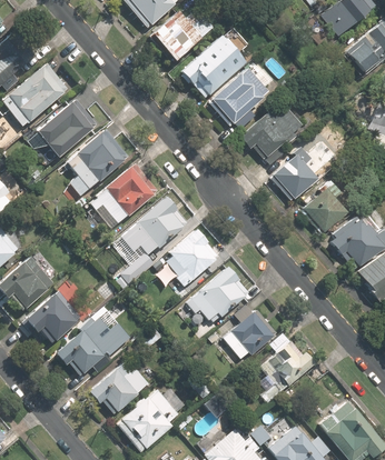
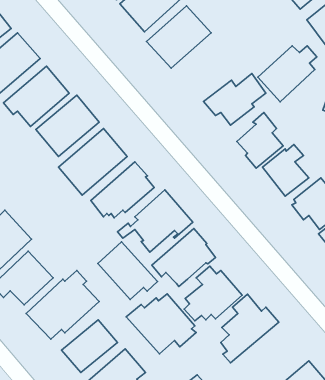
building: [210,67,272,124] -> [258,46,317,102]
building: none -> [98,242,157,300]
building: none -> [126,294,196,354]

